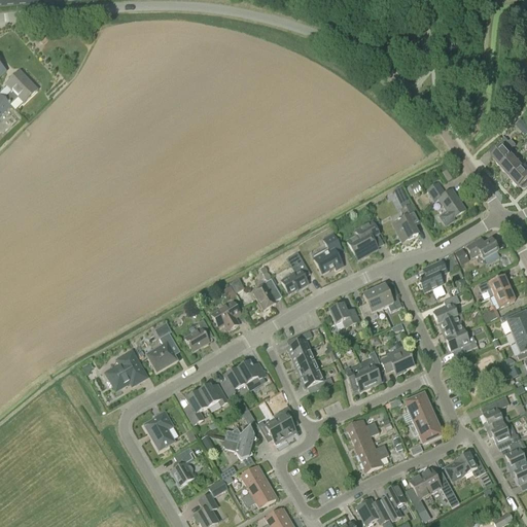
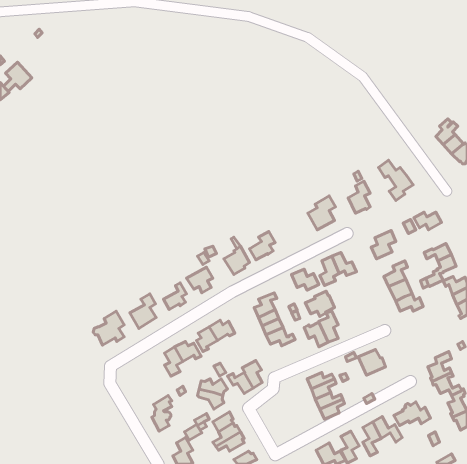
building: [313,233,343,273] -> none
building: [380,345,413,374] -> [305,291,334,317]
building: [143,410,174,449] -> none
building: [413,413,442,443] -> none

